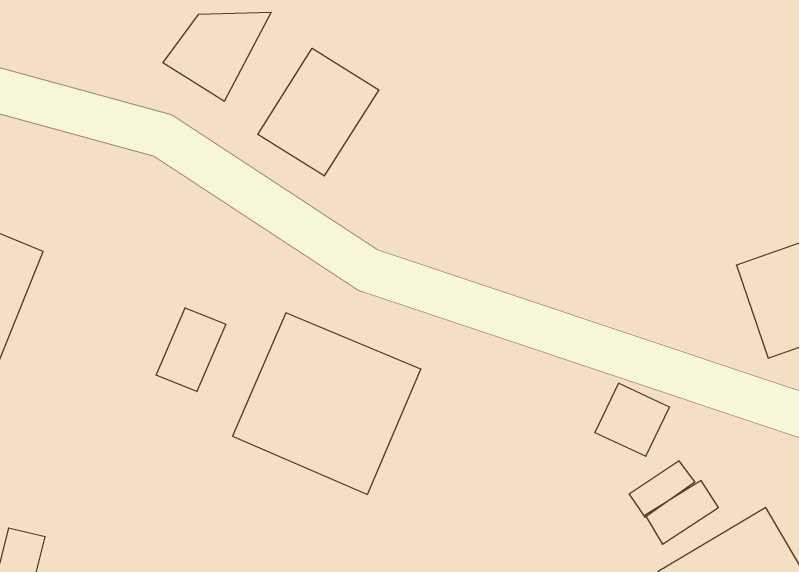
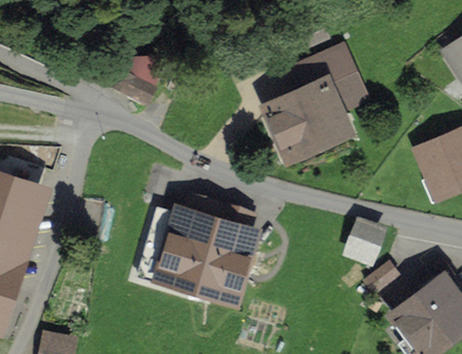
building: [258,48,379,176] -> none
building: none -> [265,54,364,166]
building: [156,308,226,392] -> none

